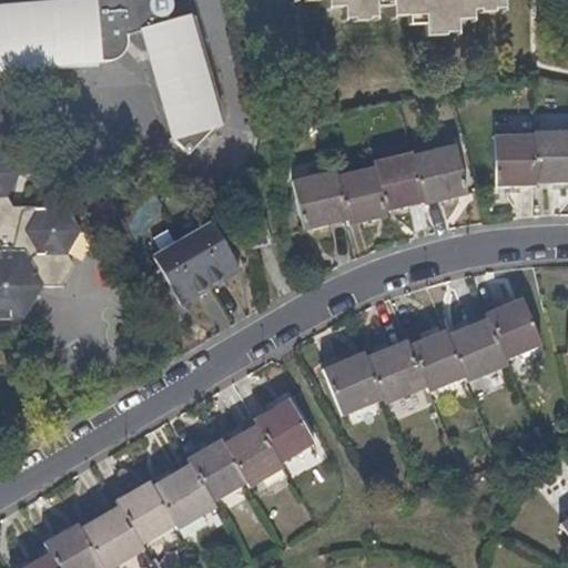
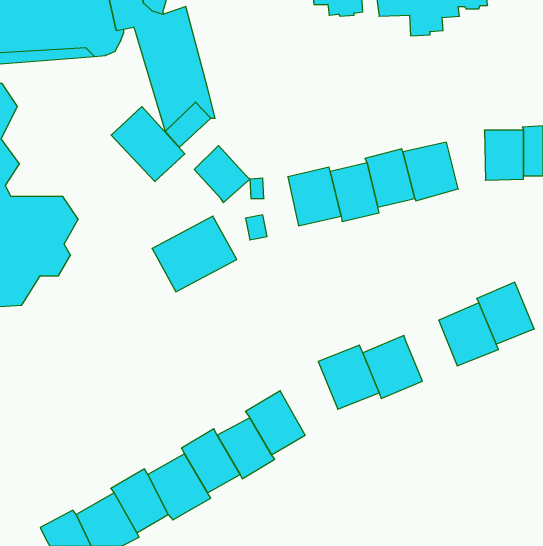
building: none -> [111,107,185,182]
building: none -> [194,146,250,203]
building: [415,333,470,395] -> none

